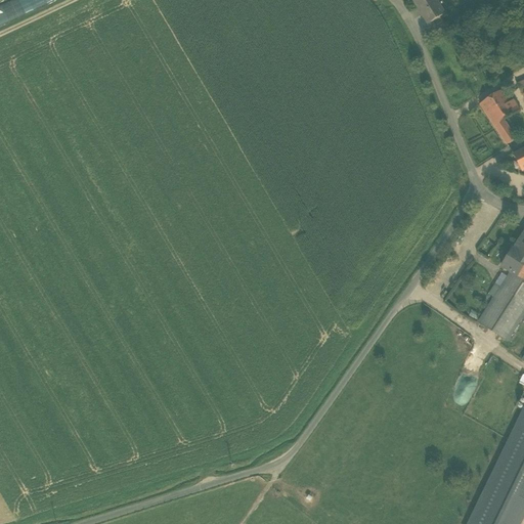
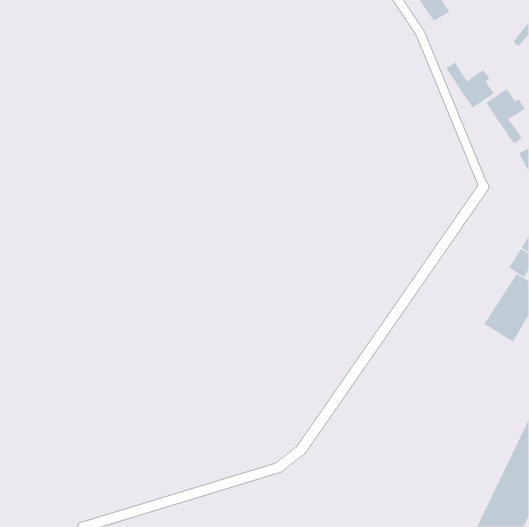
building: none -> [446,61,495,109]

